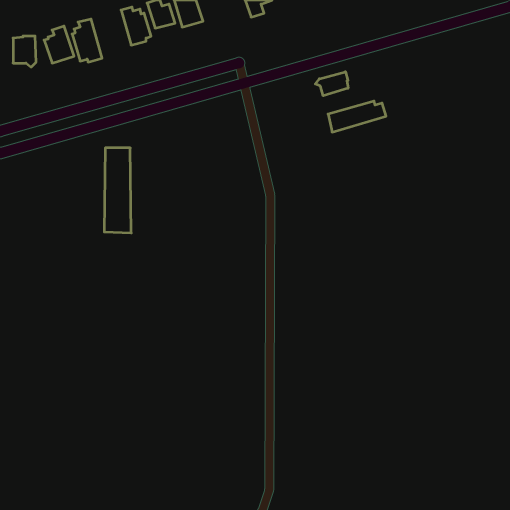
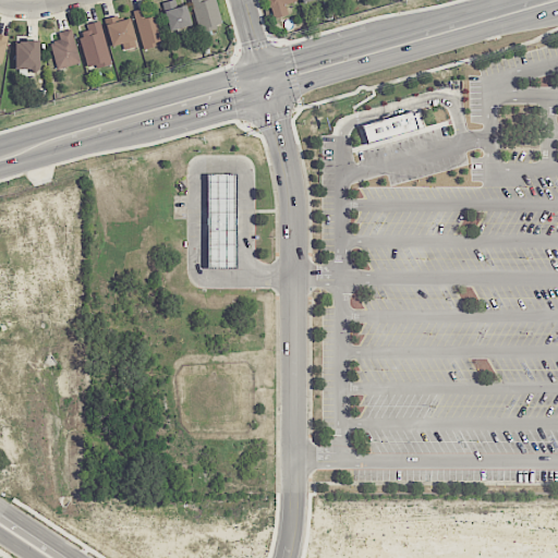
building: none -> [105,16,138,51]
building: [315,72,348,96] -> none
building: [104,148,131,233] -> [207,174,236,267]

